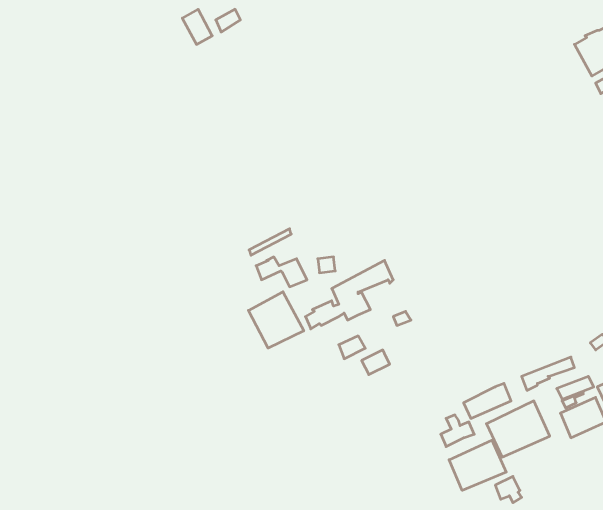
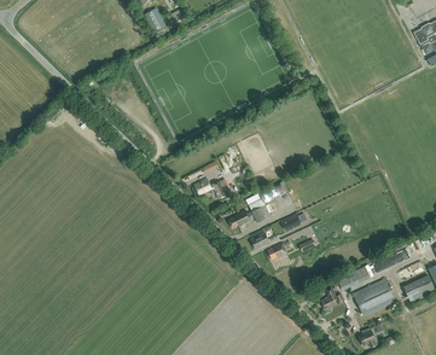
building: [248,292,304,348] -> none
building: [449,440,506,490] -> none

